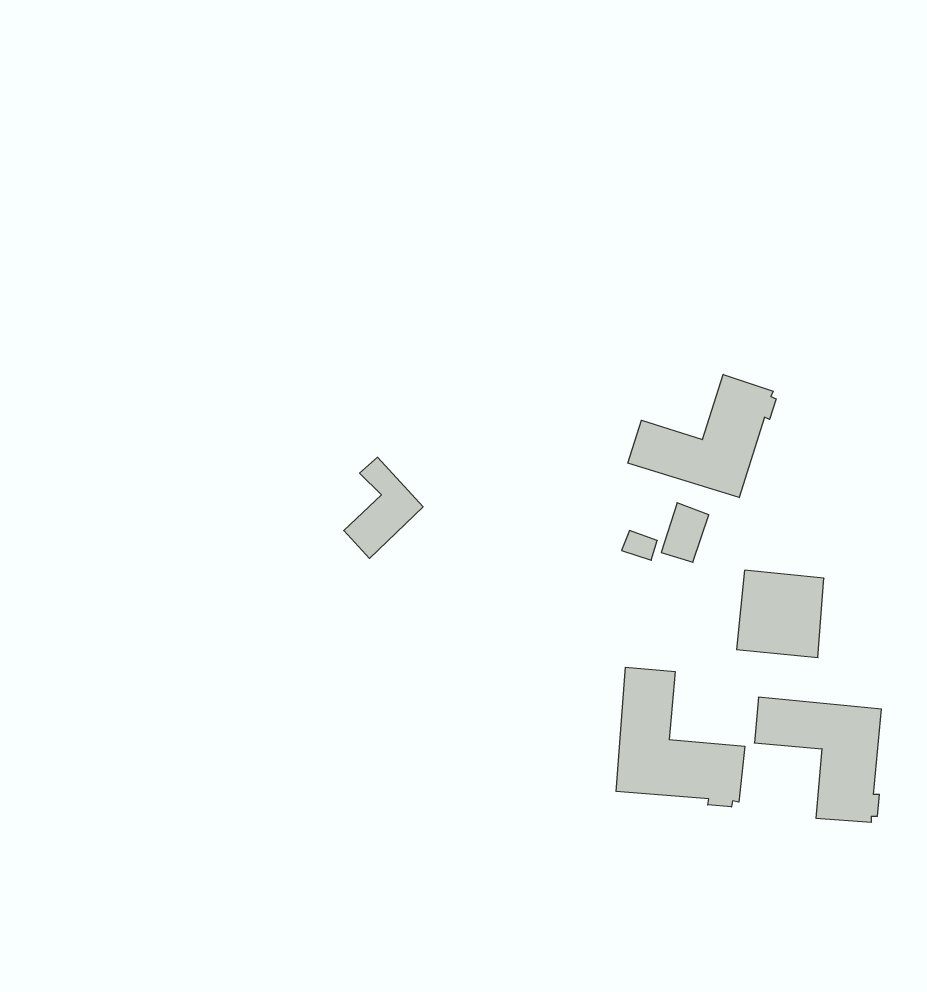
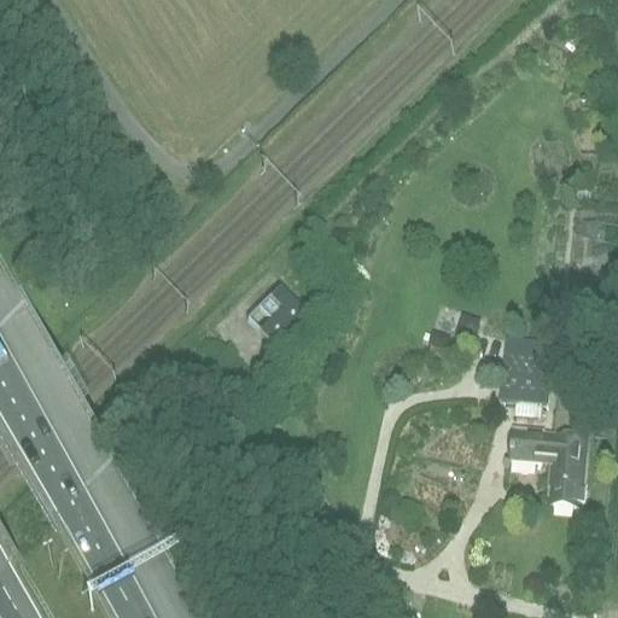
building: [628,374,776,498] -> none
building: [616,667,745,807] -> none

